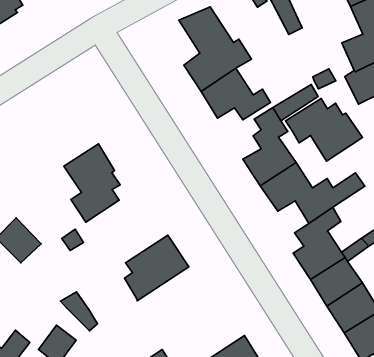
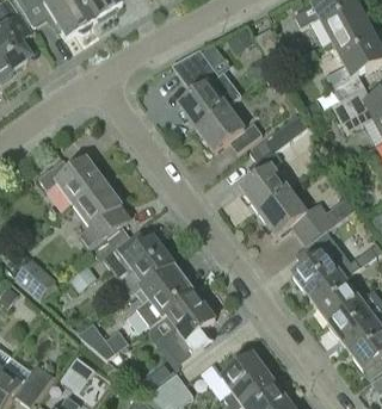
building: [286,98,363,161] -> none
building: none -> [38,157,104,205]
building: none -> [97,234,174,293]
building: none -> [149,292,216,368]

